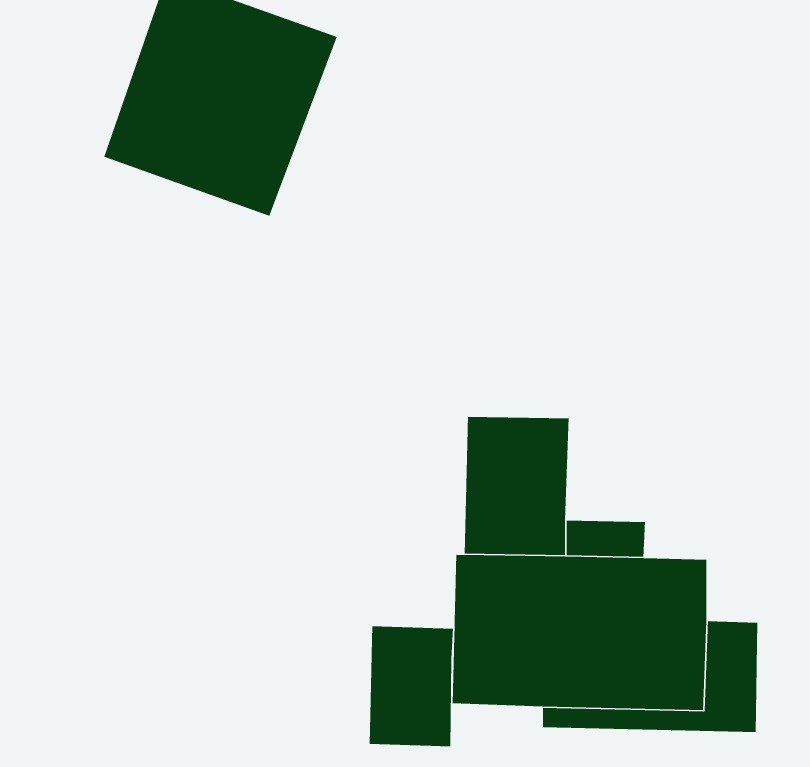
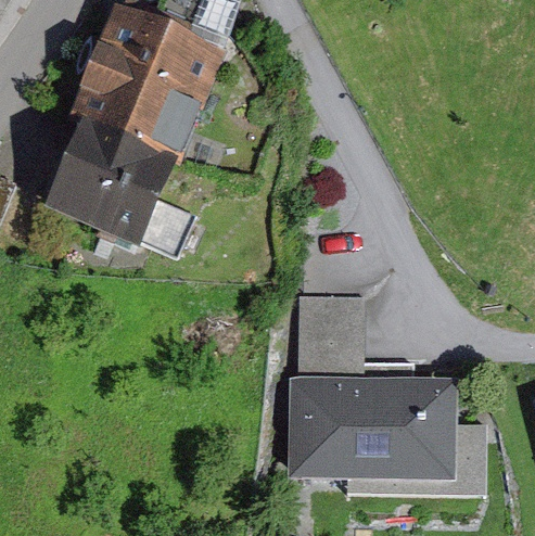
building: none -> [36,123,175,250]
building: [369,626,454,747] -> none

